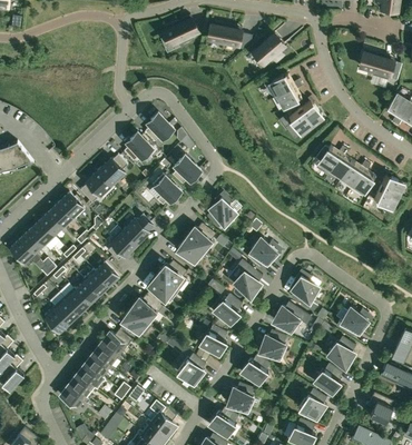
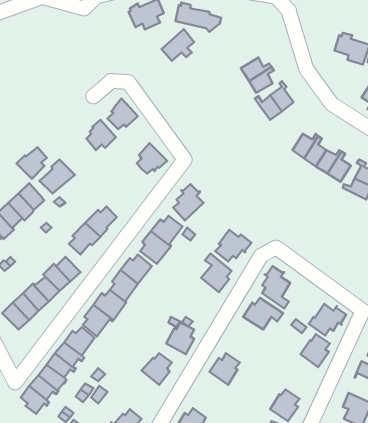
building: [253,33,284,63] -> [161,29,194,61]
building: [98,156,127,186] -> [17,147,47,179]
building: [148,175,180,206] -> none
building: [213,295,242,325] -> none
building: [258,330,285,359] -> none
building: [314,364,342,395] -> none
building: [227,384,254,412] -> none

